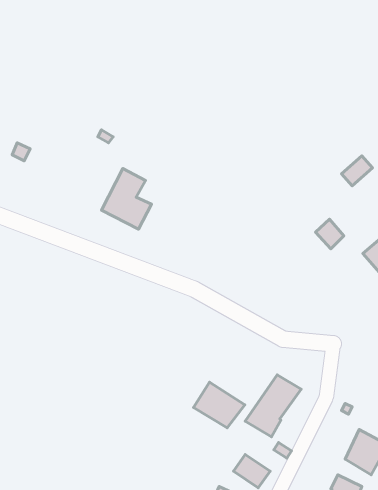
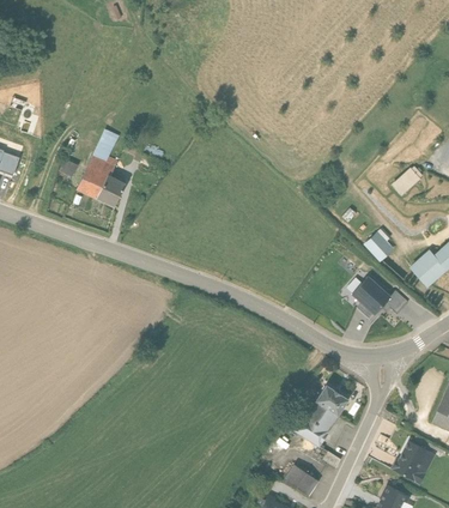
building: [102,169,152,229] -> [72,146,122,207]
building: none -> [351,278,390,321]
building: [194,382,245,428] -> none

